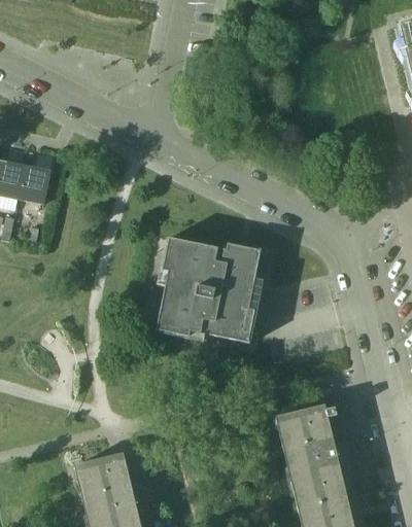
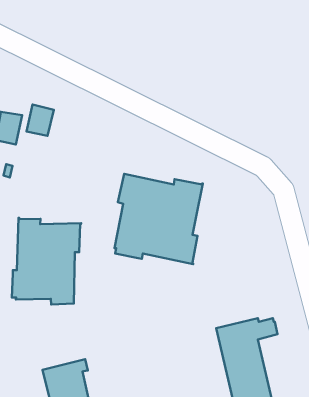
building: none -> [27,105,54,136]
building: none -> [12,218,81,304]

